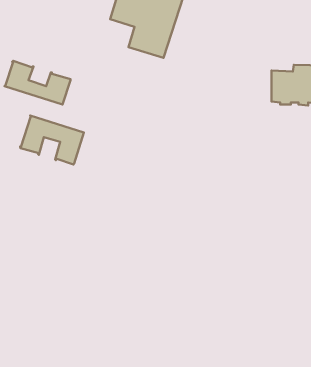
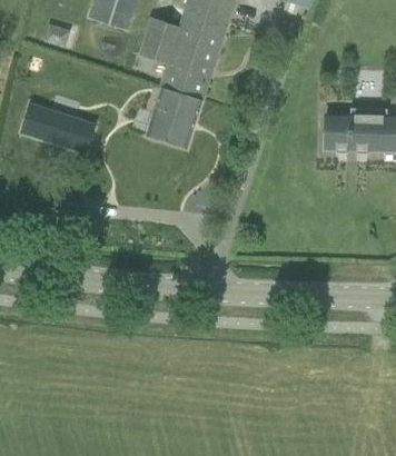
building: none -> [146,87,201,148]
building: [20,115,84,165] -> none

